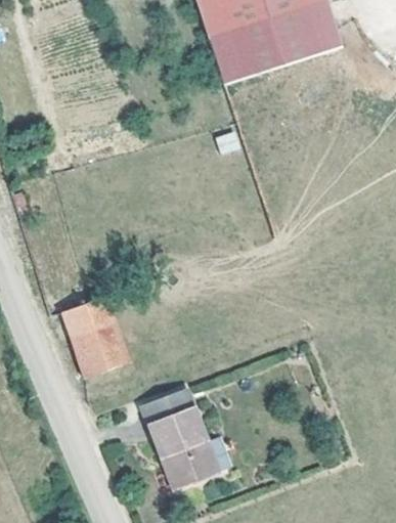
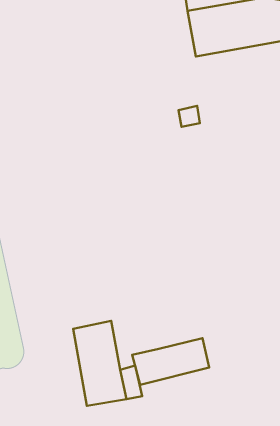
building: [60,295,127,375] -> none
building: none -> [132,338,209,385]

